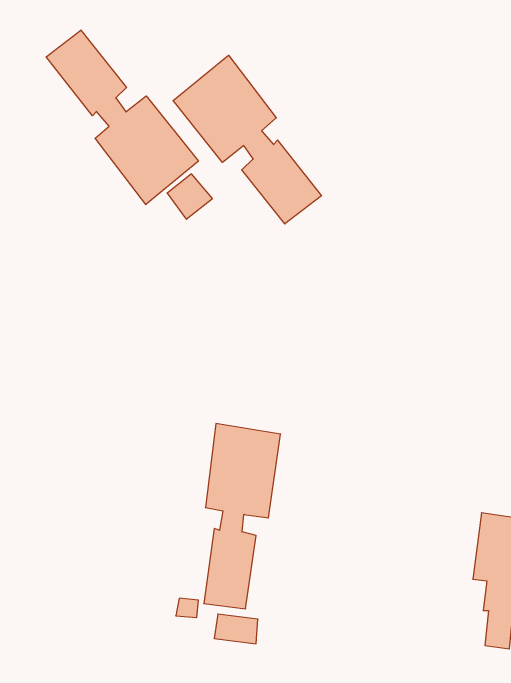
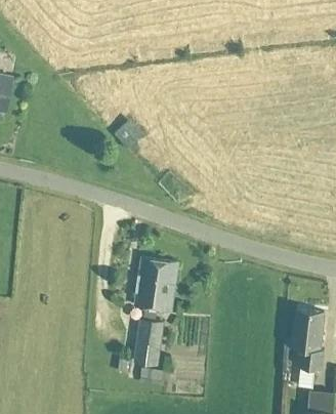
building: [46,30,198,205] -> none
building: [173,55,321,224] -> none

